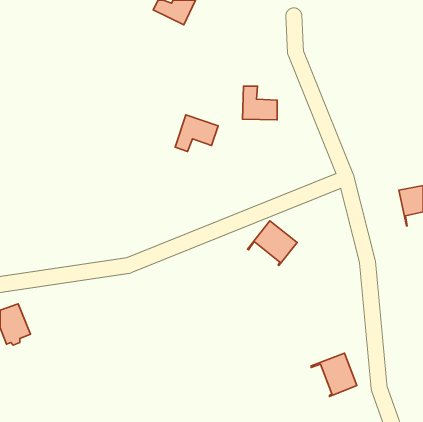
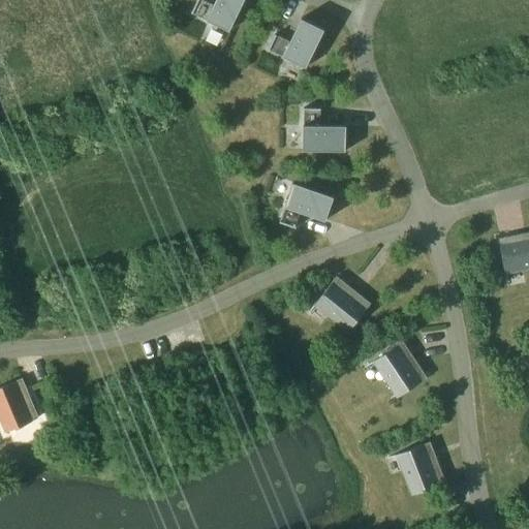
building: none -> [268,19,324,68]
building: [175,115,218,151] -> [280,183,334,228]
building: none -> [366,342,428,398]

